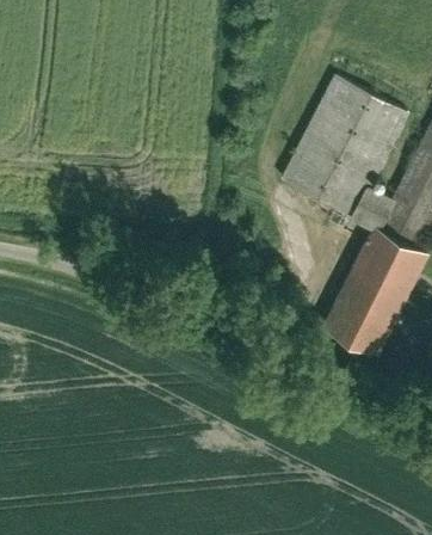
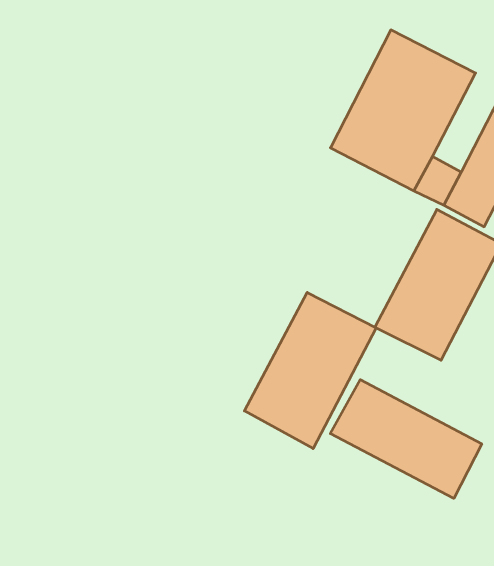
building: none -> [244,292,376,449]
building: none -> [330,380,482,498]

